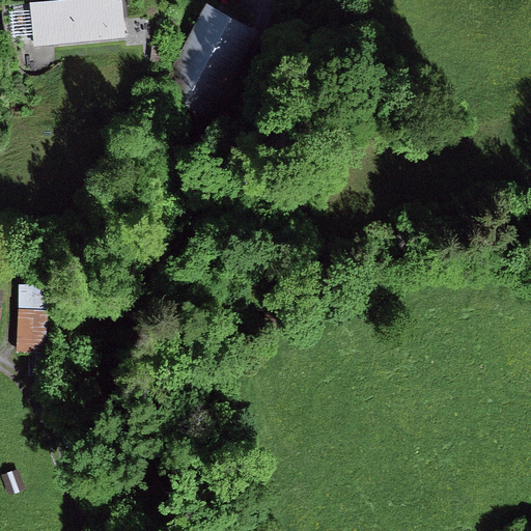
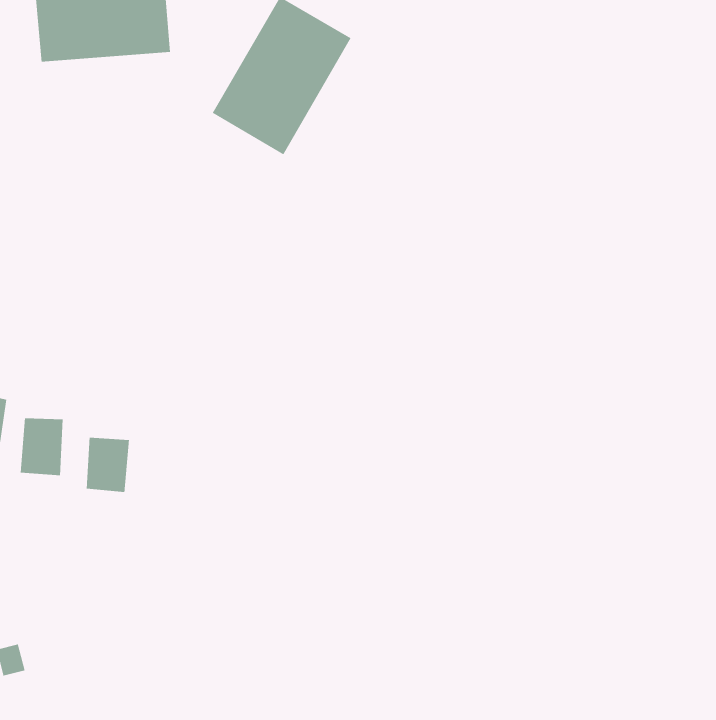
building: none -> [86,437,130,493]

